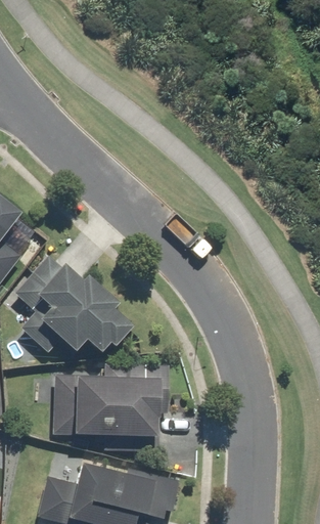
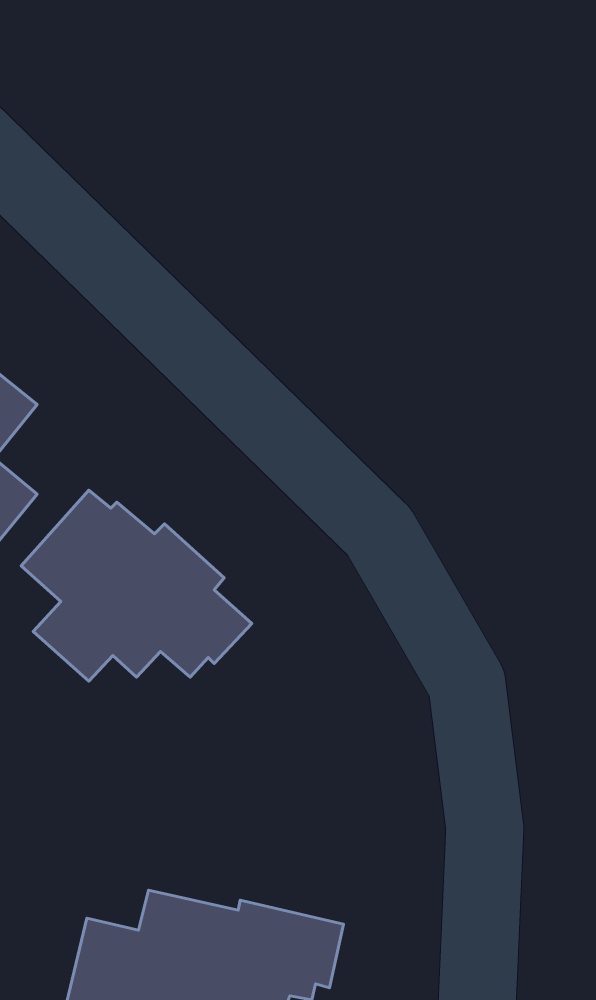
building: [52,363,170,453] -> none

